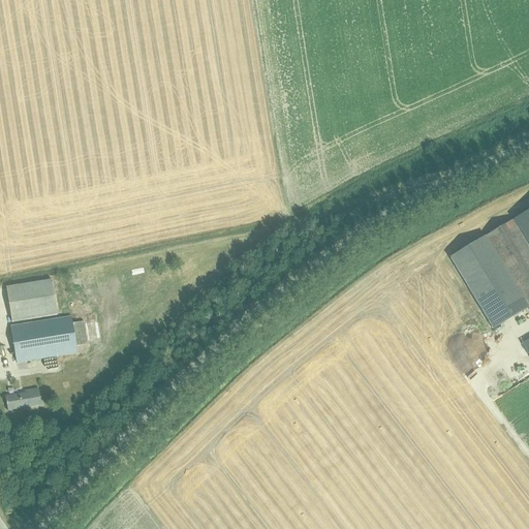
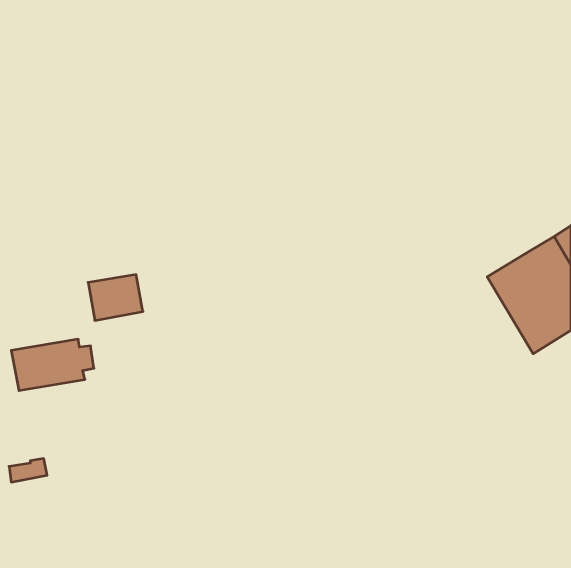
building: [6,278,57,320] -> [88,275,143,320]
building: [6,387,41,409] -> [9,459,47,482]

